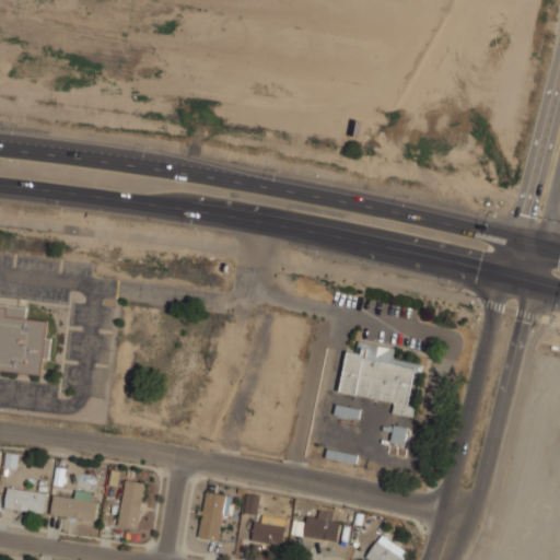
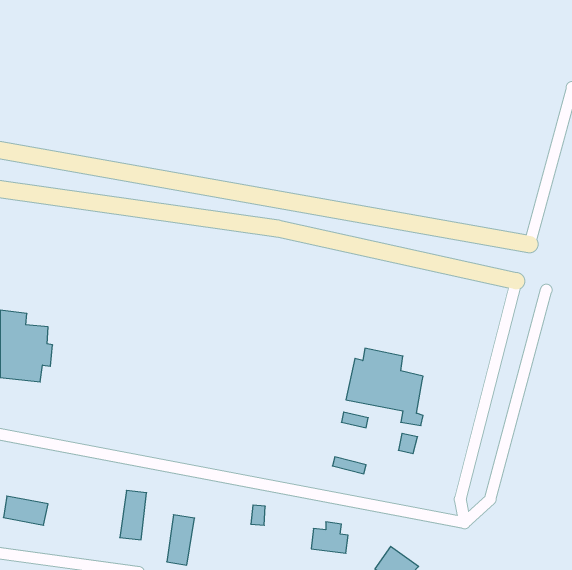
building: [50,492,97,522] -> none
building: [199,493,226,542] -> [167,515,195,565]
building: [252,523,285,547] -> none

